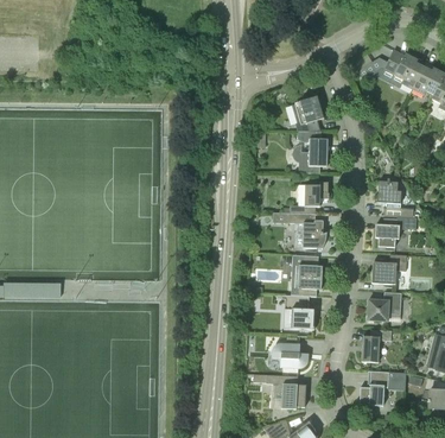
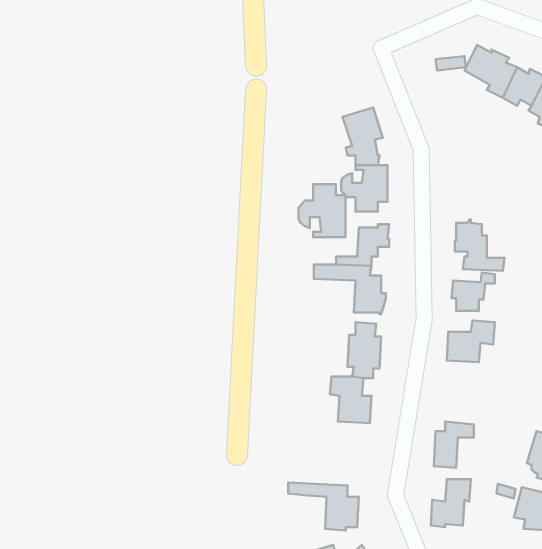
building: none -> [299,184,345,237]
building: [368,292,401,322] -> none
building: [272,343,309,368] -> none

